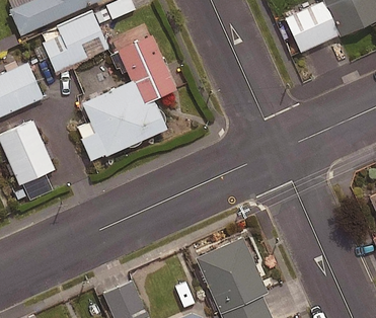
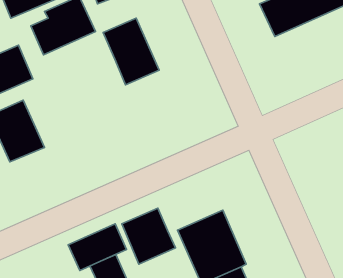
building: [77,80,167,161] -> none
building: none -> [122,208,176,264]
building: none -> [68,224,127,270]

